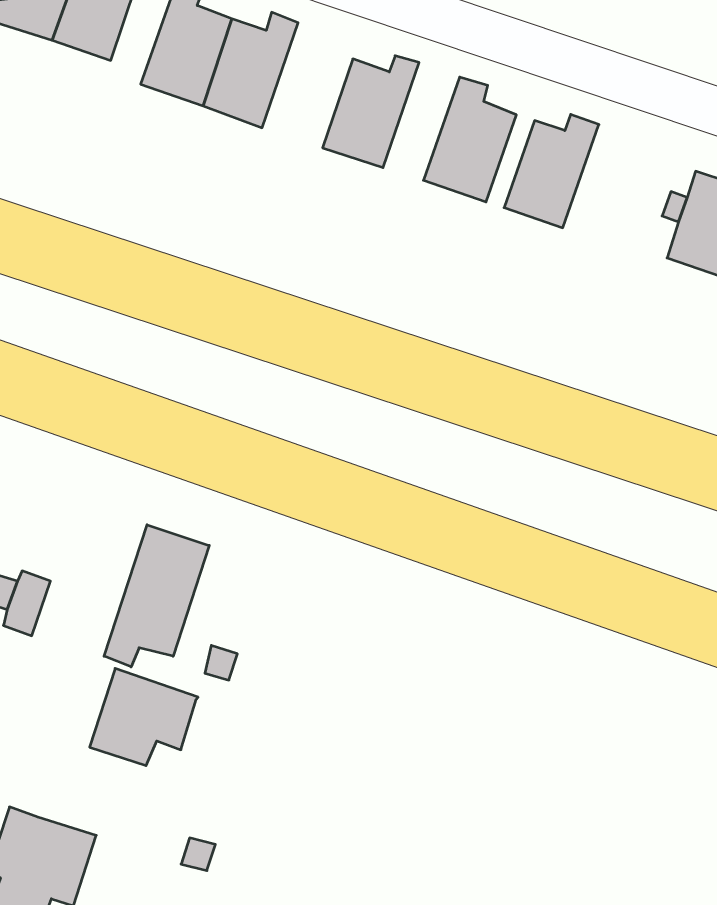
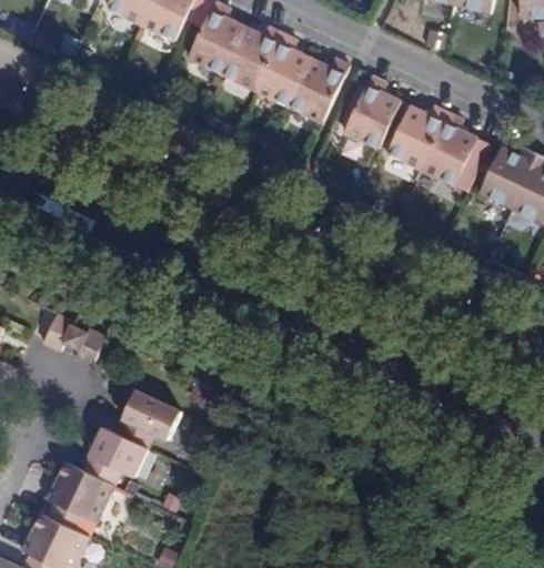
building: none -> [255,33,312,106]
building: none -> [421,112,478,185]
building: [104,525,209,667] -> none
building: none -> [80,427,145,485]

